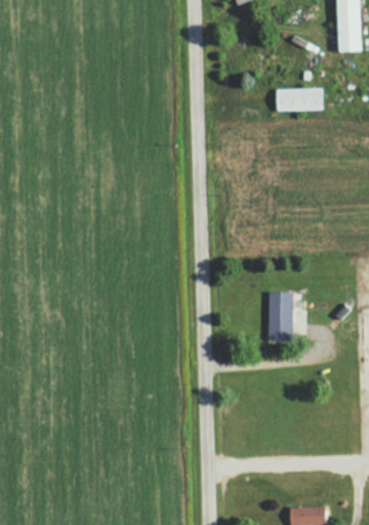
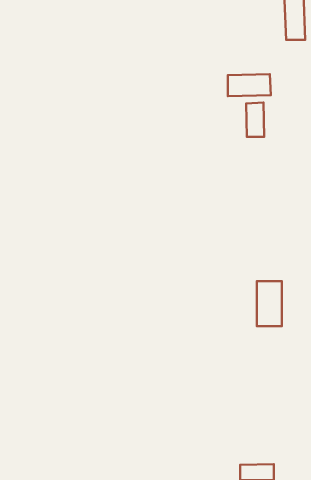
building: none -> [246,103,264,137]
building: [269,292,295,340] -> [257,281,282,326]

